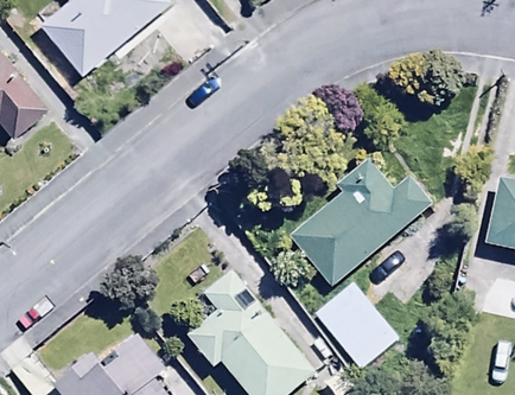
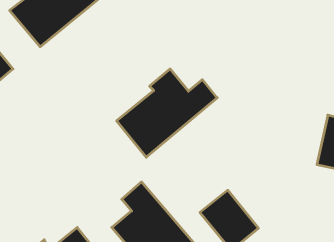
building: [290,160,434,287] -> [117,69,217,157]

